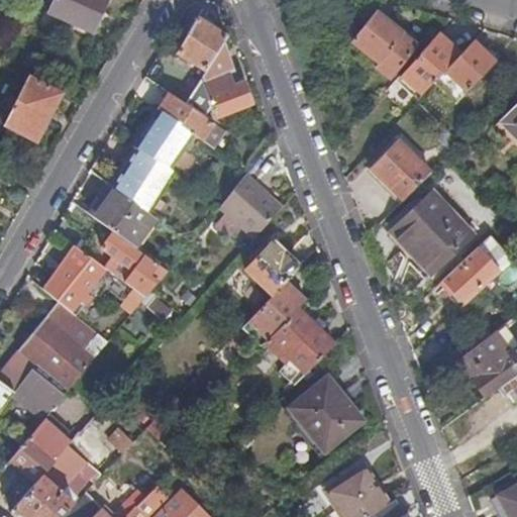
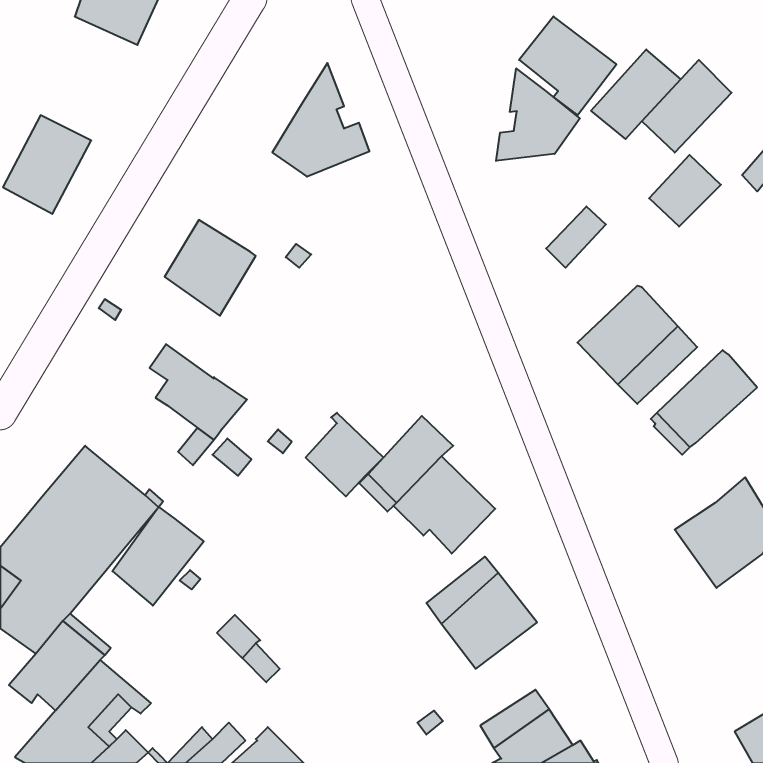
building: [177,17,226,70] -> none
building: none -> [496,68,580,161]
building: [129,93,224,170] -> none
building: [383,151,431,200] -> [649,155,721,227]
building: [220,174,283,237] -> none
building: [90,186,156,246] -> none
building: [245,238,298,295] -> [306,413,383,496]
building: [44,245,106,312] -> [112,507,204,606]

